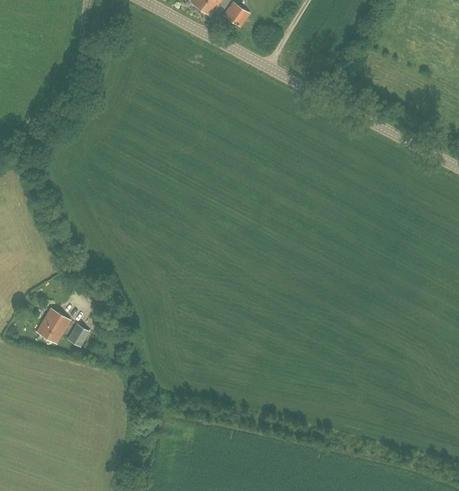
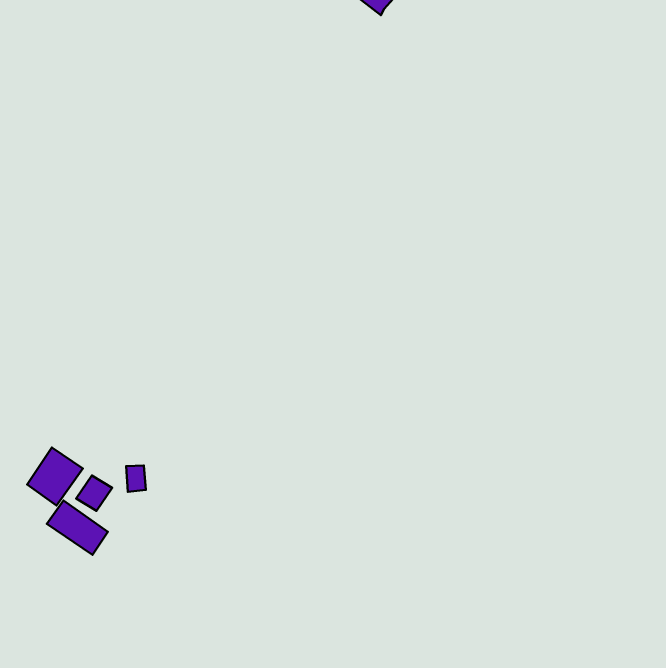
building: none -> [47,501,108,555]

